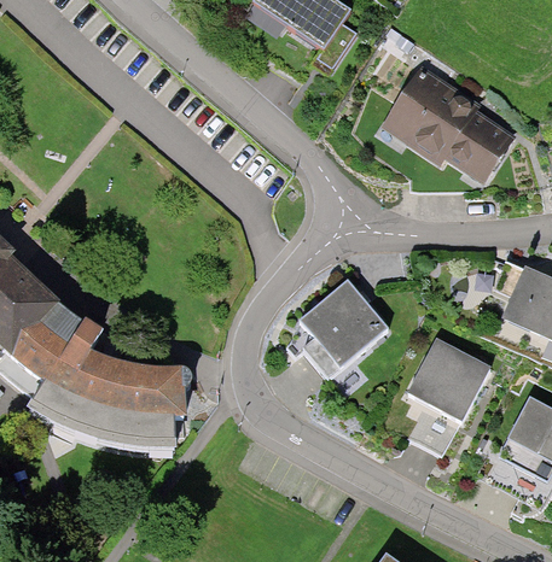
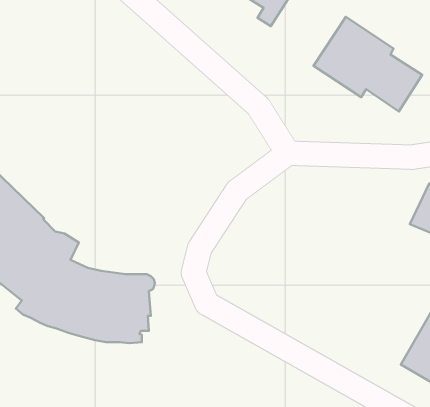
building: [298,281,387,375] -> none
building: [411,340,494,452] -> none

